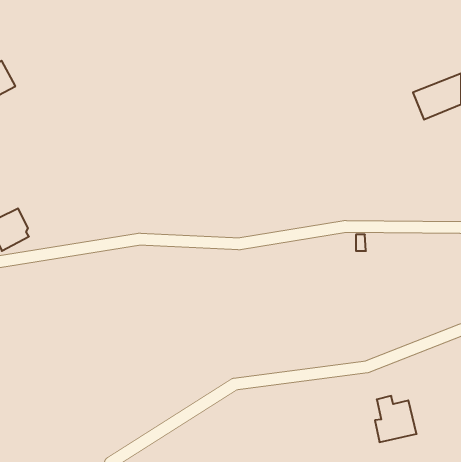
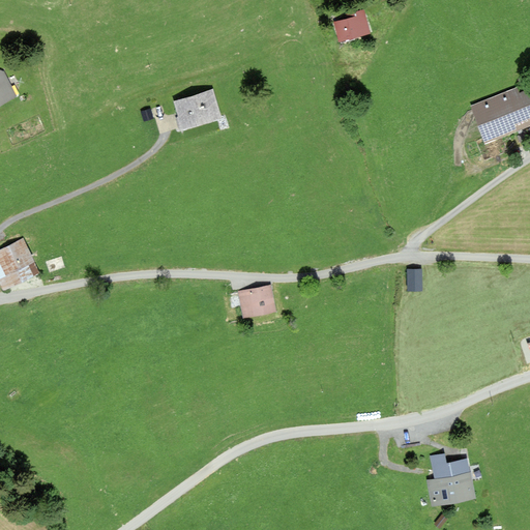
building: none -> [333,10,367,39]
building: none -> [175,90,217,125]
building: none -> [238,287,272,315]

